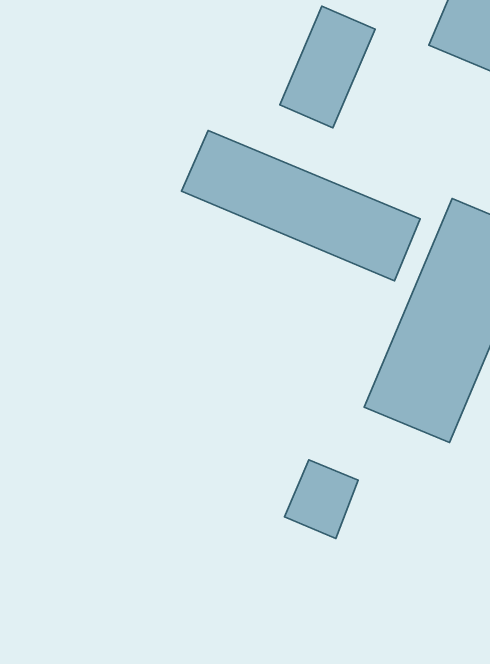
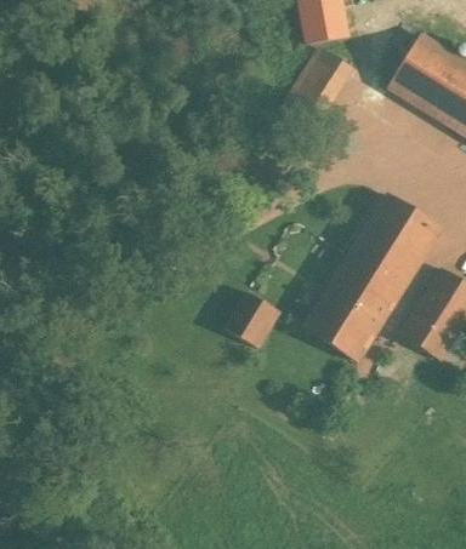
building: [181,130,420,281] -> none
building: [285,460,358,539] -> [226,290,280,347]

